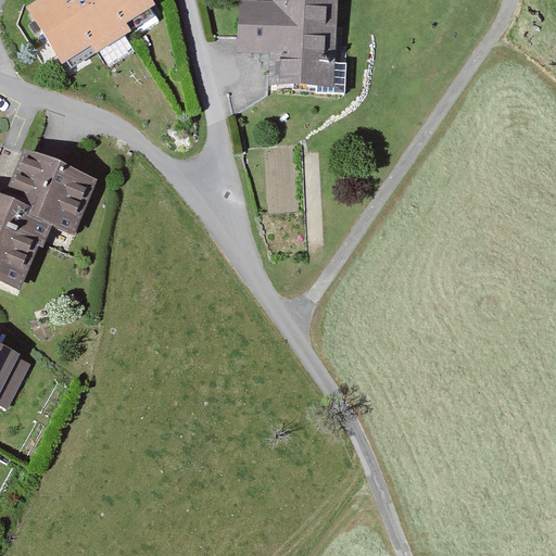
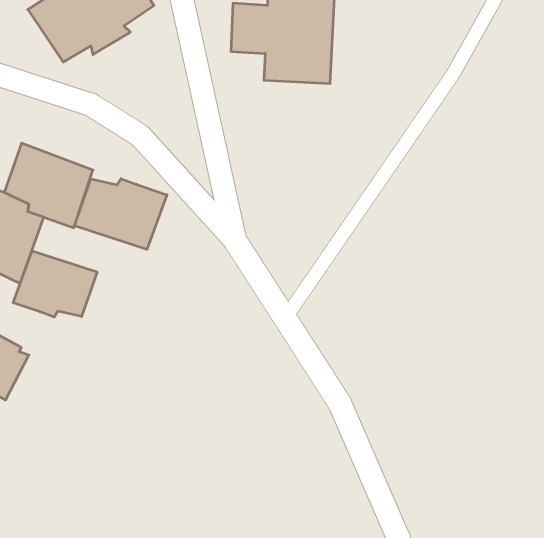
building: none -> [74,179,167,249]
building: none -> [13,251,97,317]

